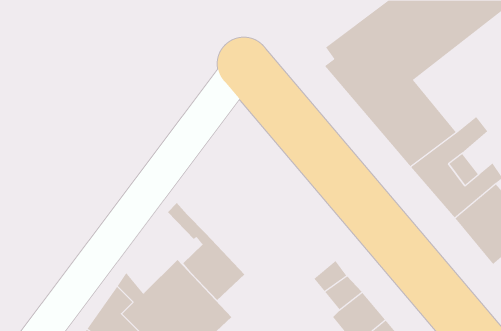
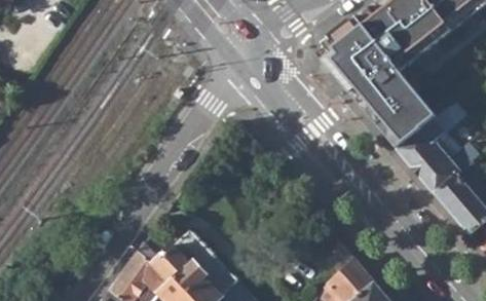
building: [167,202,245,301] -> none

